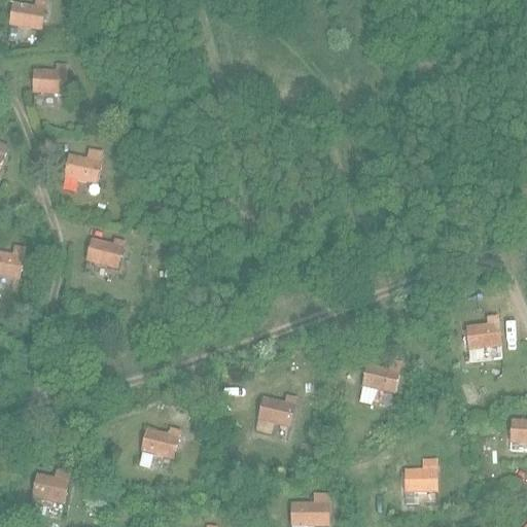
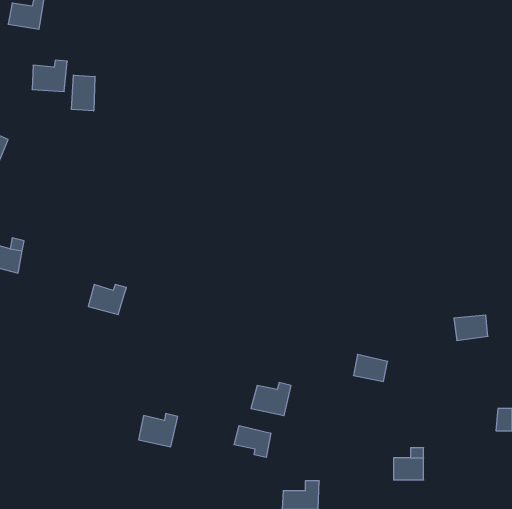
building: none -> [71,75,95,111]
building: [64,150,103,183] -> none
building: [85,238,125,269] -> [88,284,126,315]
building: none -> [234,426,271,457]
building: [32,467,70,502] -> none

